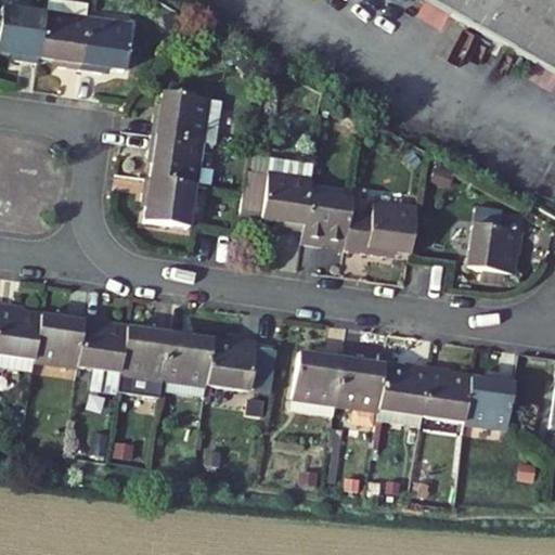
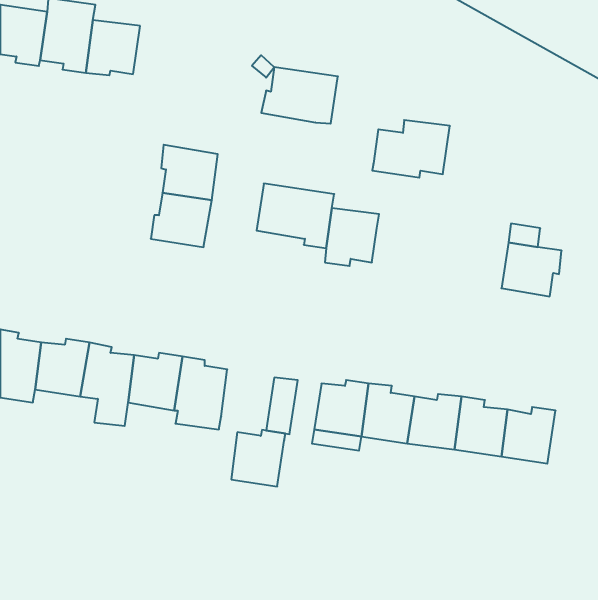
building: [154,91,224,143] -> [261,67,338,124]
building: [345,202,416,255] -> [372,120,450,178]
building: [207,338,257,390] -> [231,430,285,486]

